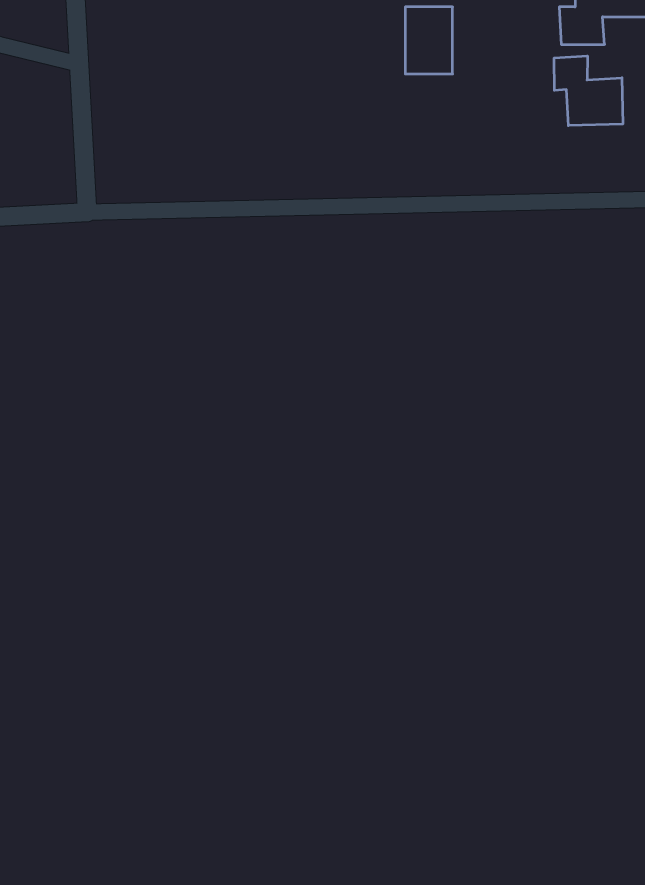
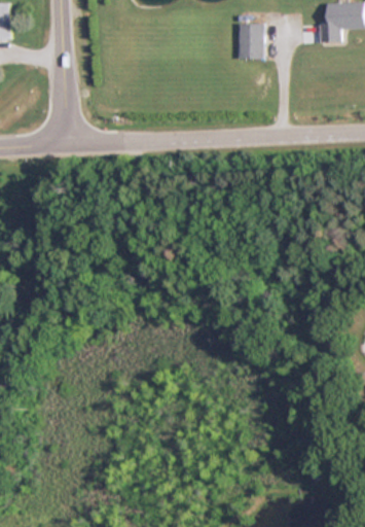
building: [554,56,623,126] -> none

